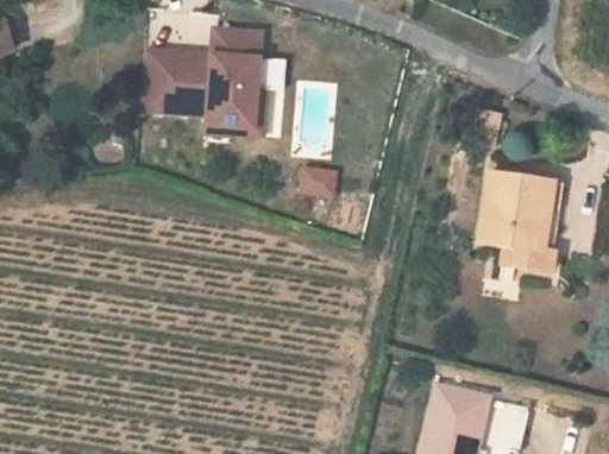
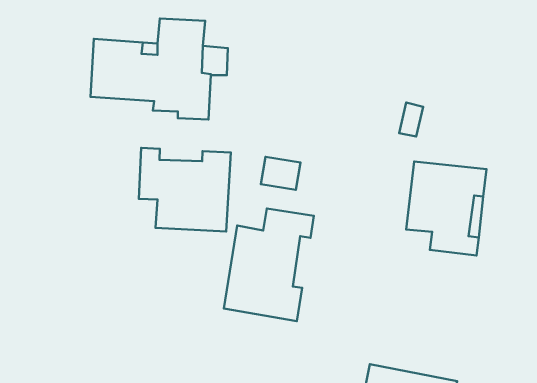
building: none -> [139,148,231,231]
building: none -> [224,208,314,321]

